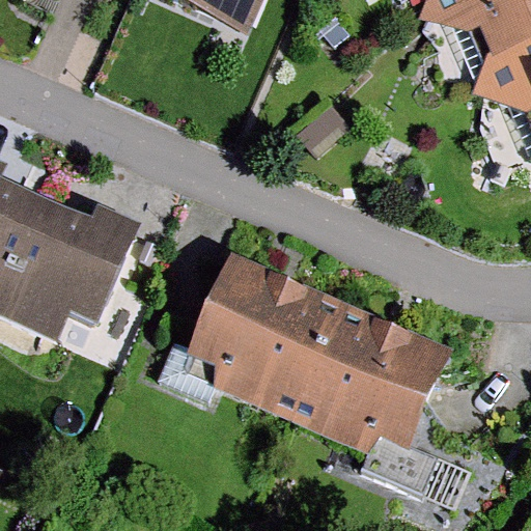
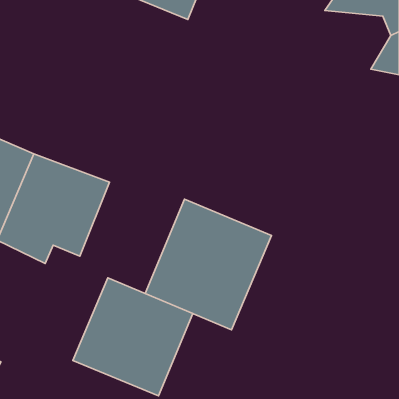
building: [298,303,464,473] -> none
building: none -> [73,278,193,396]

